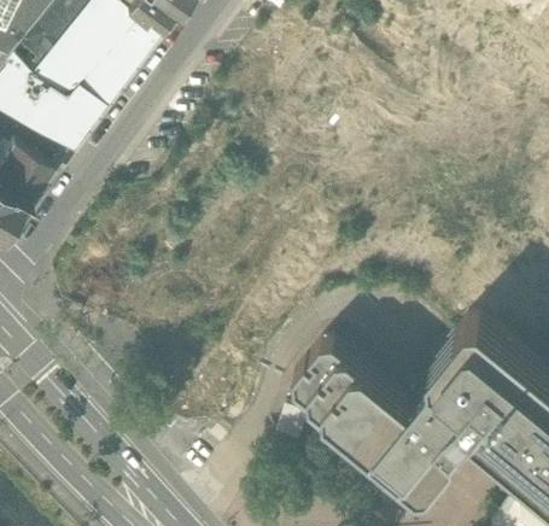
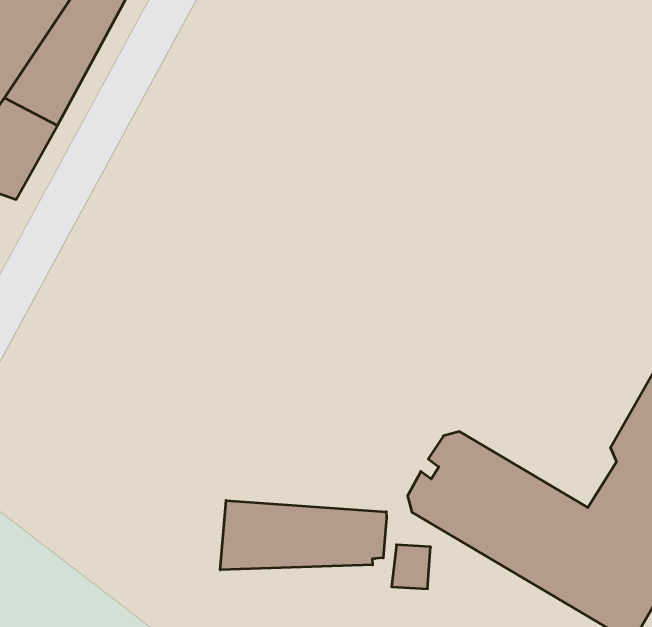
building: none -> [220,500,387,570]

